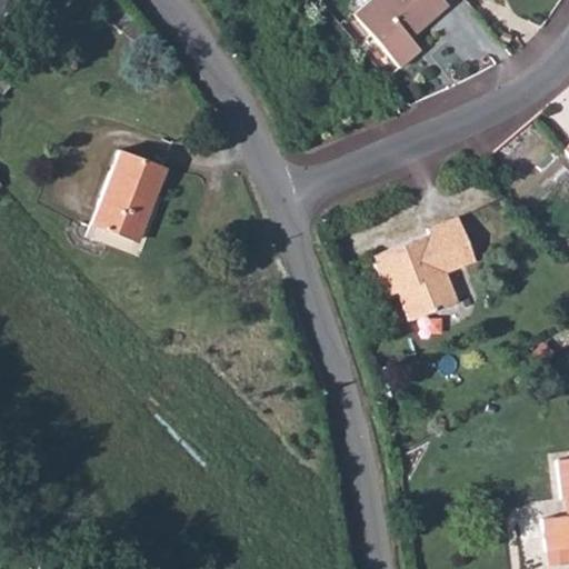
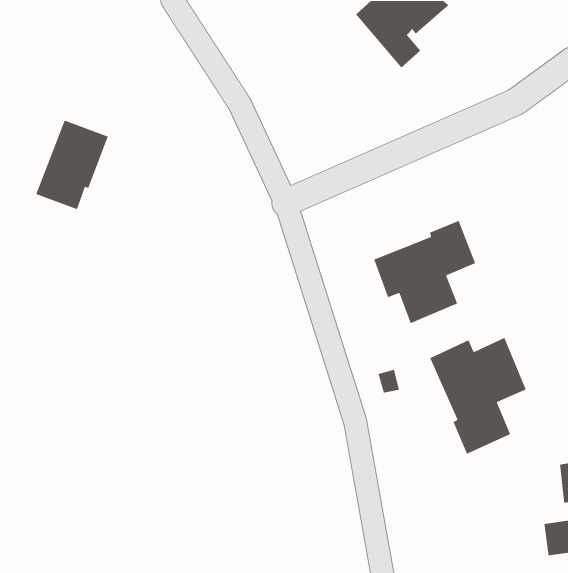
building: [93,151,167,241] -> [35,119,109,210]
building: none -> [429,337,527,455]

